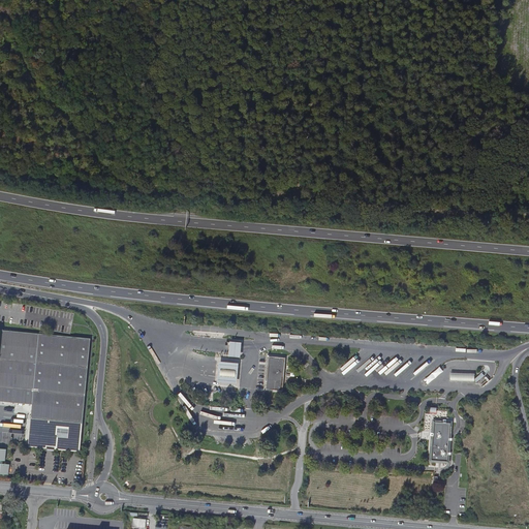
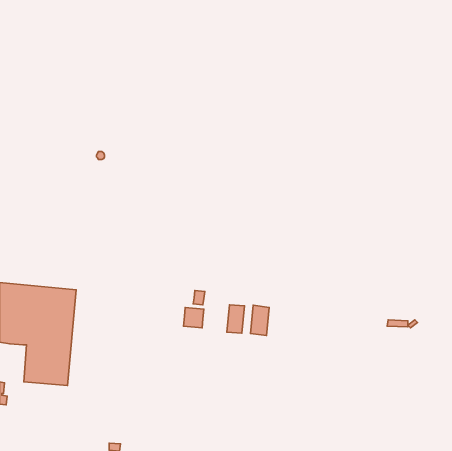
building: none -> [250,305,269,336]
building: [428,424,449,466] -> none

